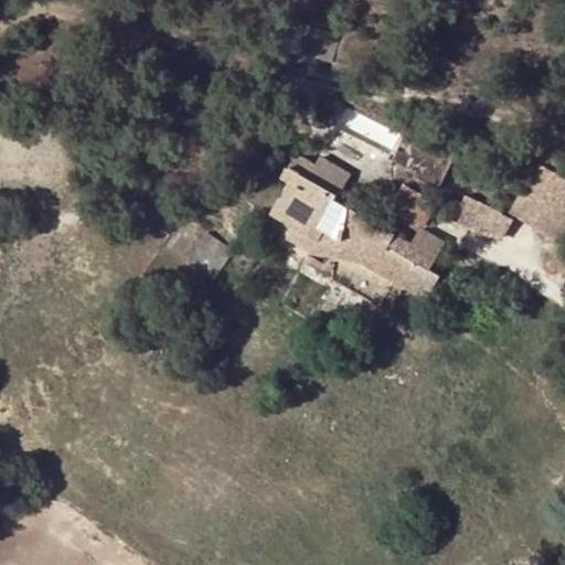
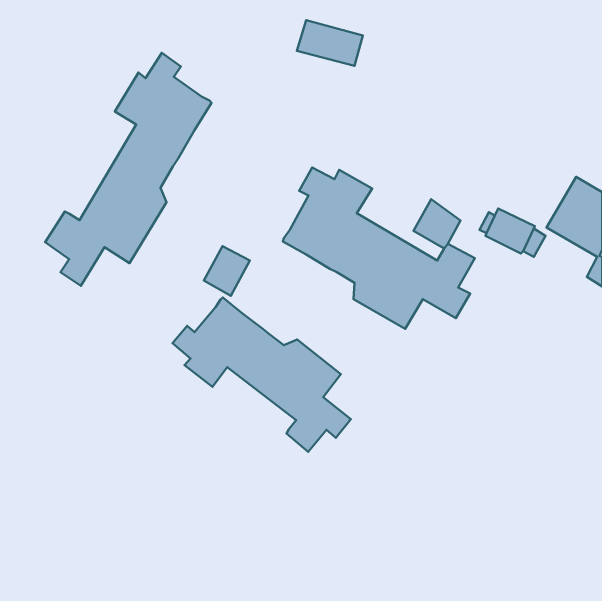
building: none -> [45,53,212,286]
building: none -> [172,298,351,452]

